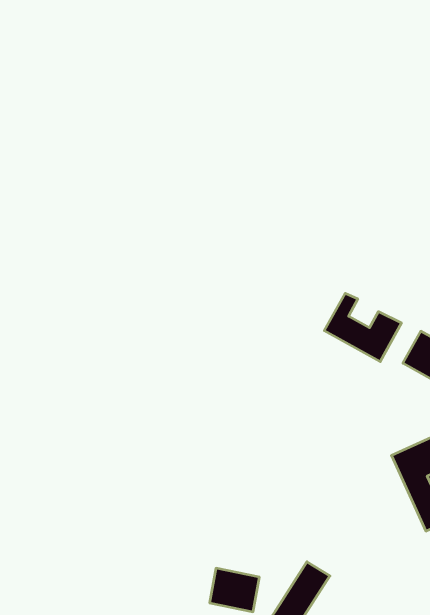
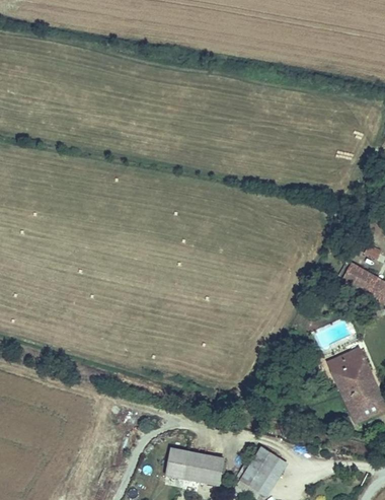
building: [324,293,401,362] -> none
building: none -> [166,448,189,479]

